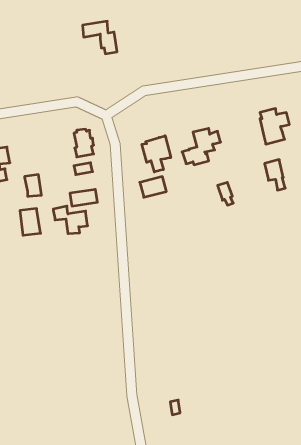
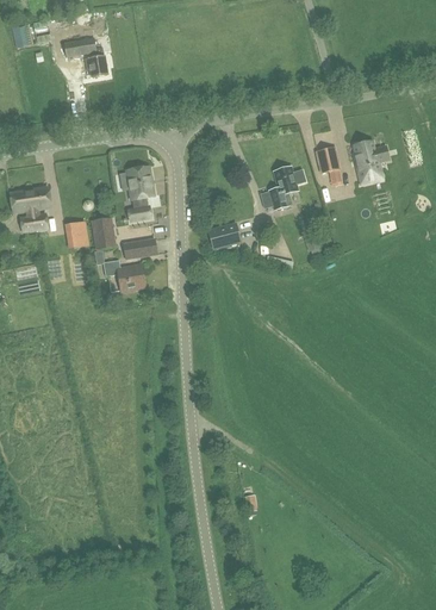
building: [83,21,117,54] -> [64,37,106,76]
building: [142,136,171,172] -> none
building: [265,160,285,190] -> [316,147,341,183]
building: [20,209,41,235] -> [91,217,116,249]

